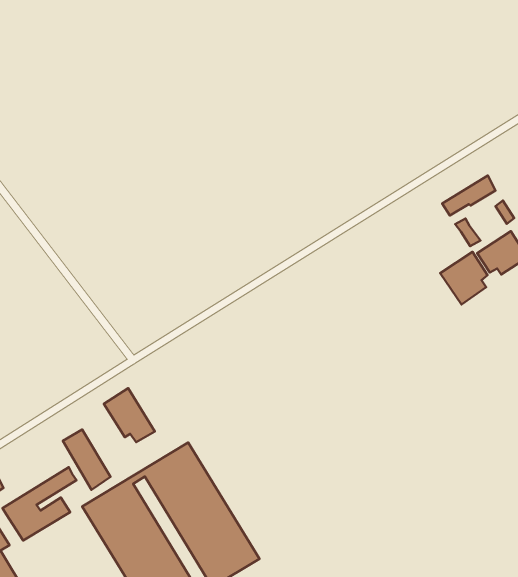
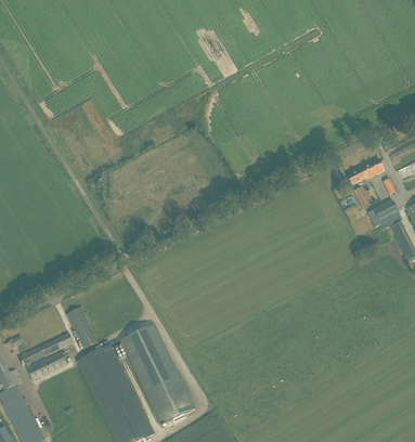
building: [440,252,488,304] -> none
building: [104,388,155,442] -> none

